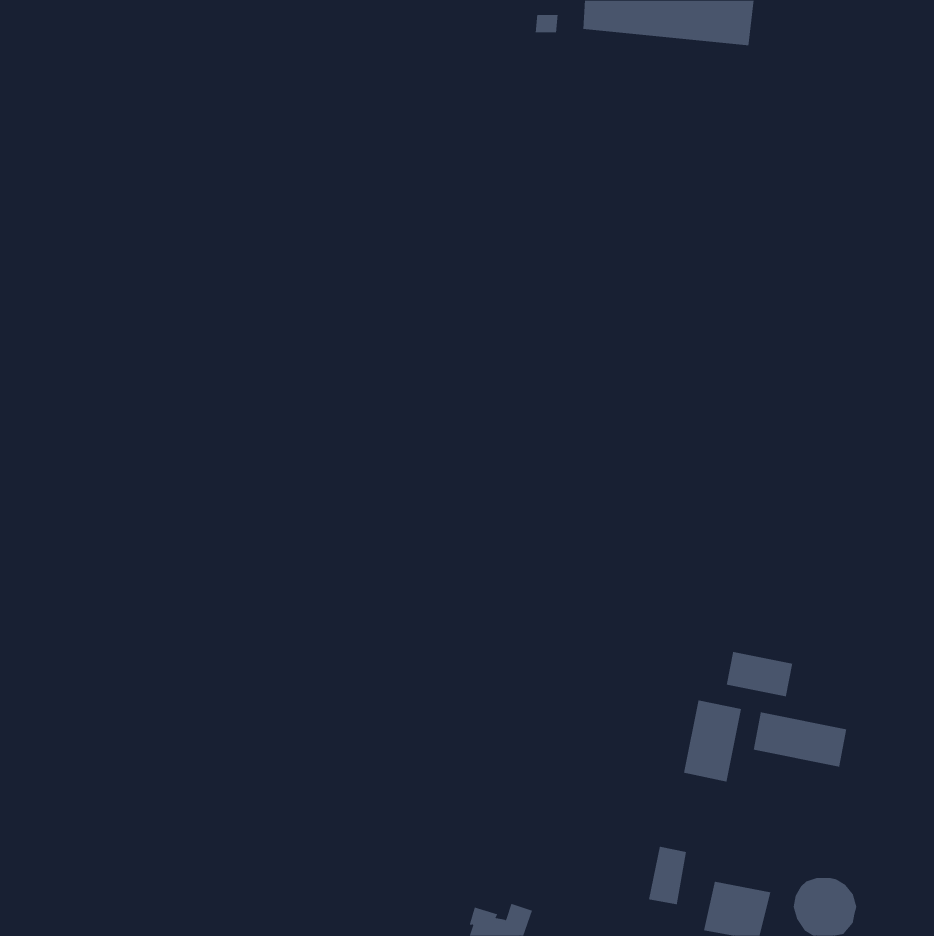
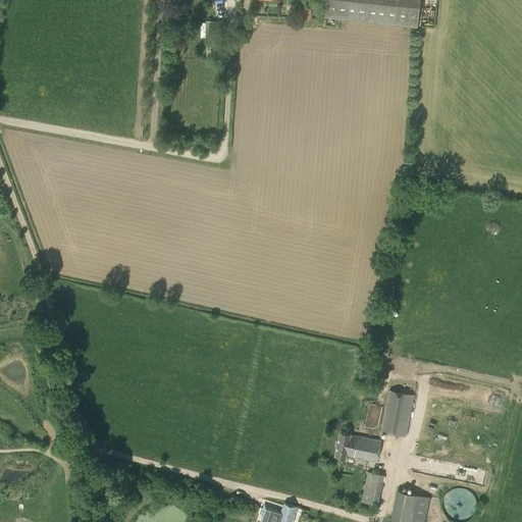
building: [726,651,793,697] -> none
building: [753,712,847,767] -> none
building: none -> [335,430,381,460]

